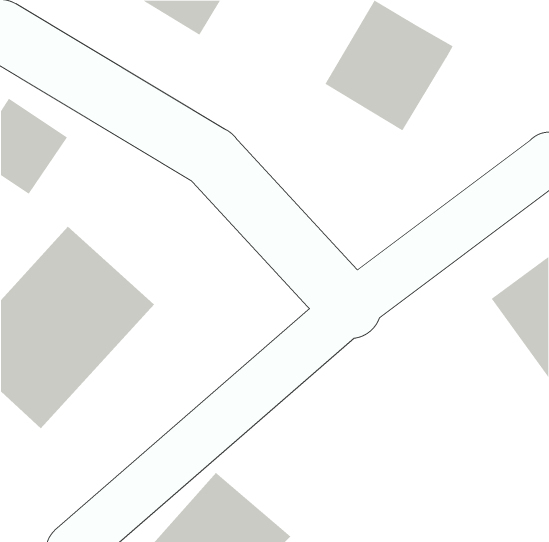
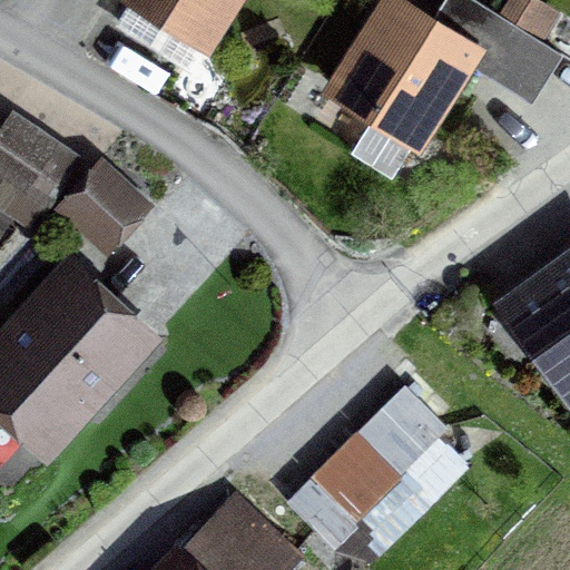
building: none -> [433,14,562,110]
building: none -> [58,164,150,255]
building: none -> [287,389,449,558]

